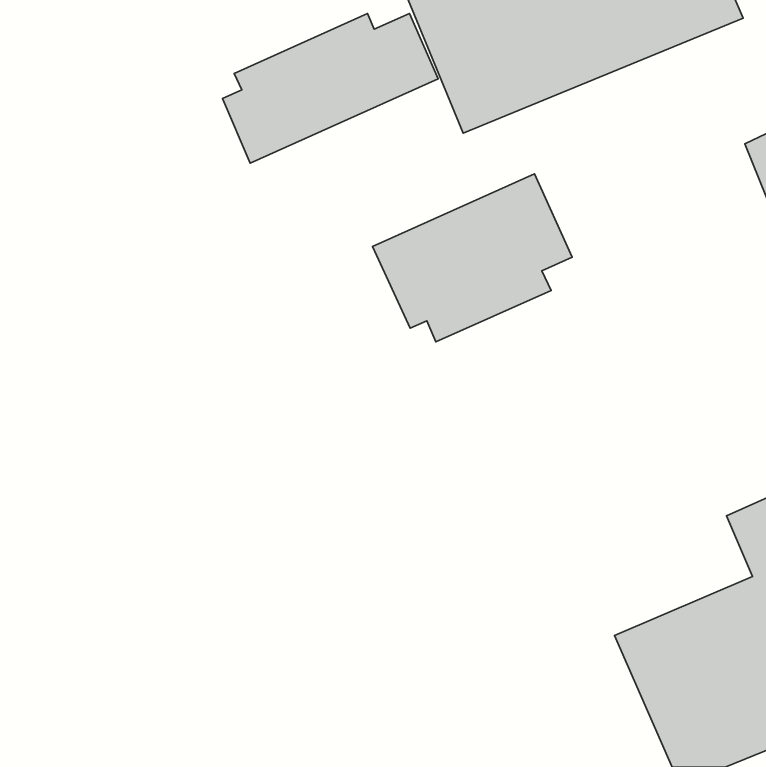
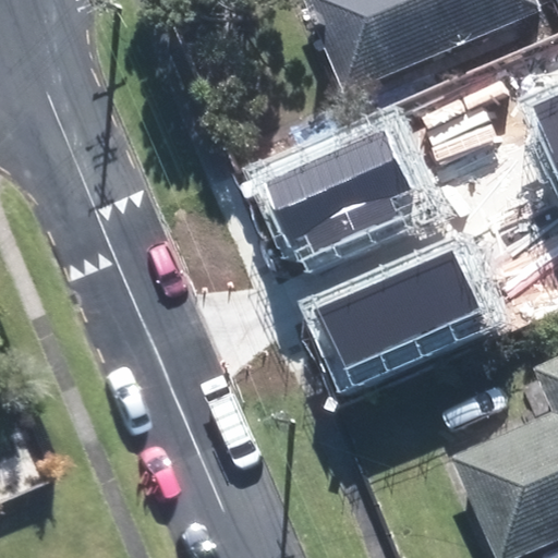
building: [222,13,438,163] -> none
building: none -> [327,246,484,363]

